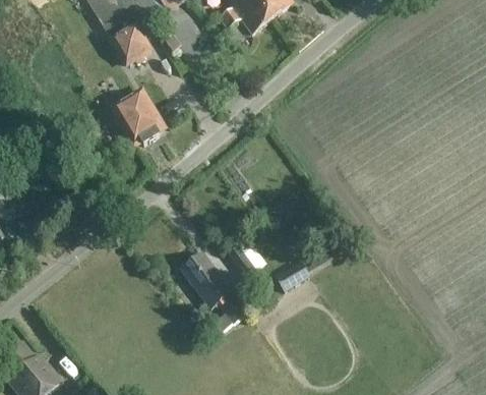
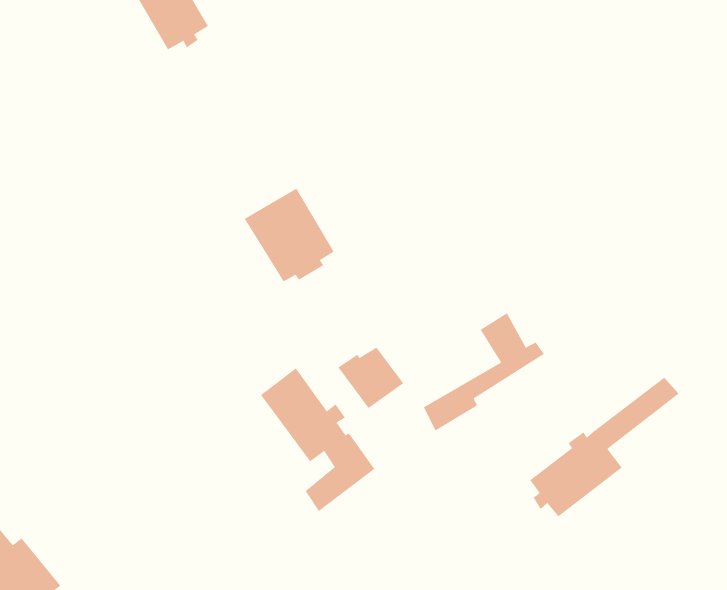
building: [111,89,165,145] -> [244,188,335,282]
building: none -> [529,377,679,517]

